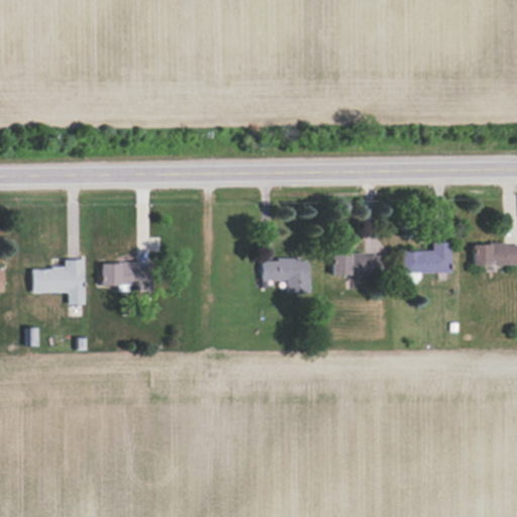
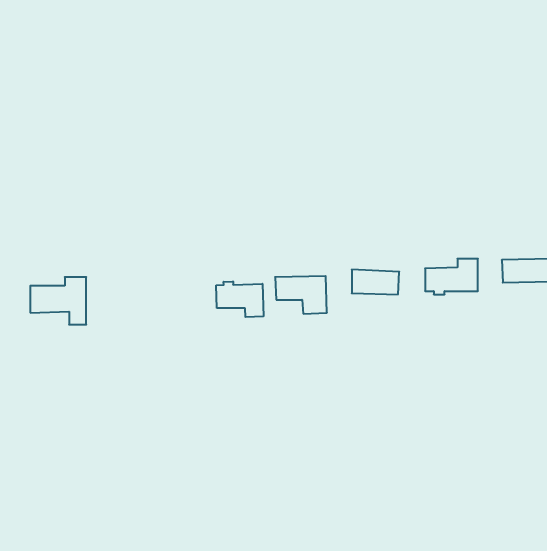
building: [102,263,151,286] -> none
building: none -> [216,281,263,317]

